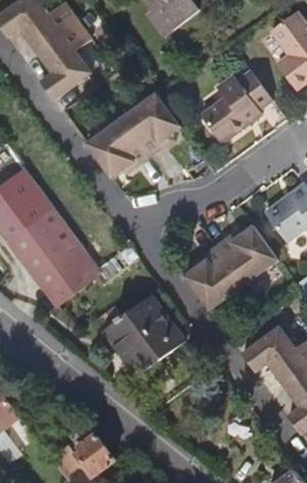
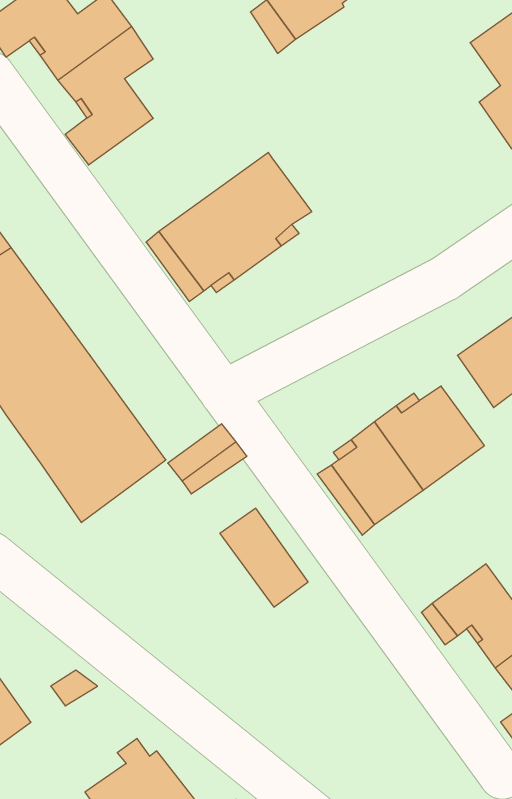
building: [201,70,273,143] -> none
building: [100,310,159,372] -> none

